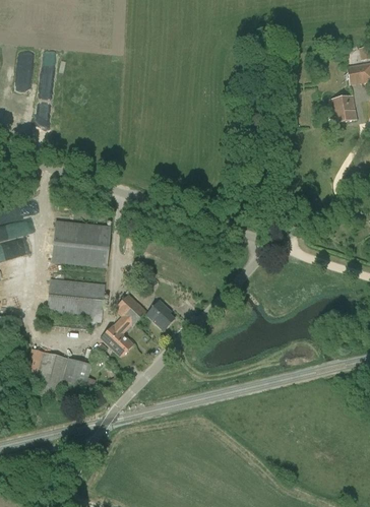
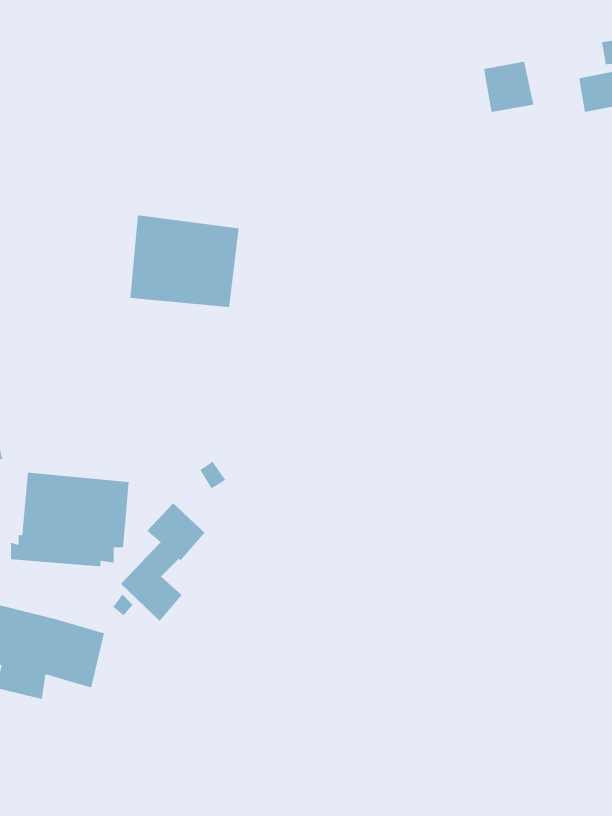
building: [328,94,356,122] -> [483,61,534,112]
building: [52,217,111,267] -> [130,215,239,308]
building: [145,299,174,329] -> none

